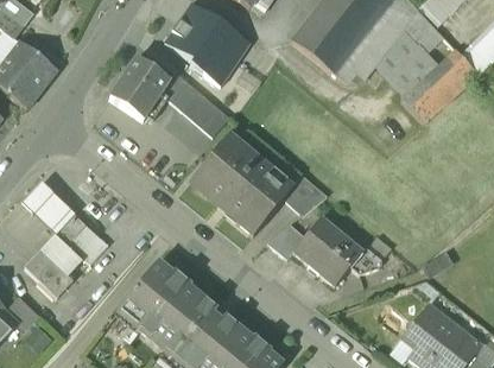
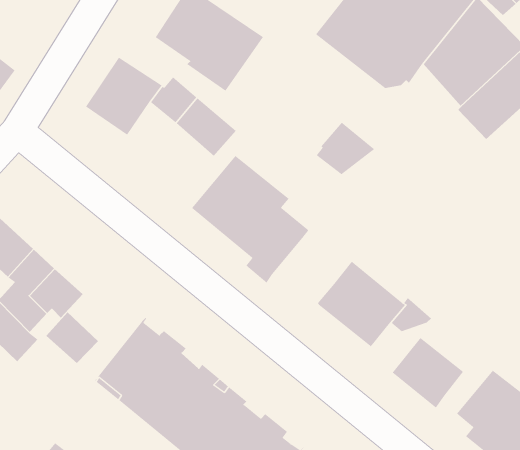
building: [280,173,327,215] -> [316,122,375,175]
building: [265,223,304,259] -> none
building: none -> [45,312,99,364]
building: none -> [392,337,464,409]

